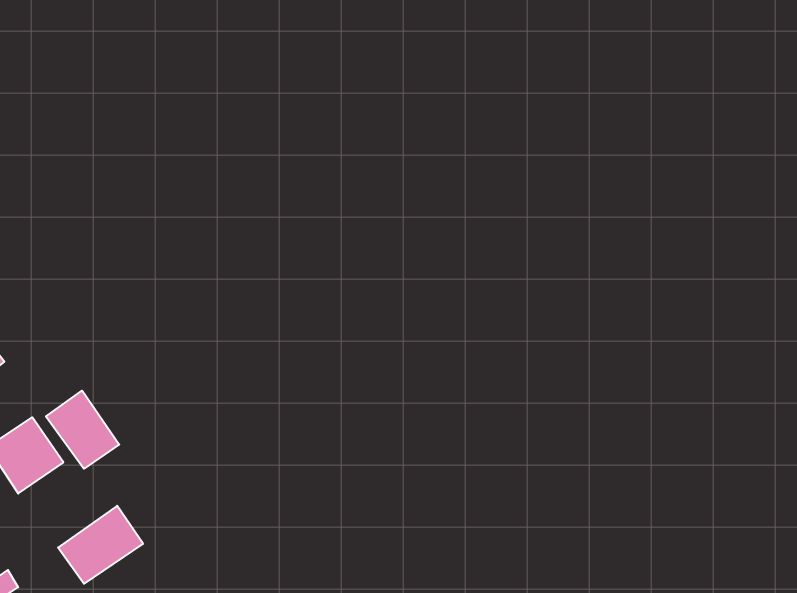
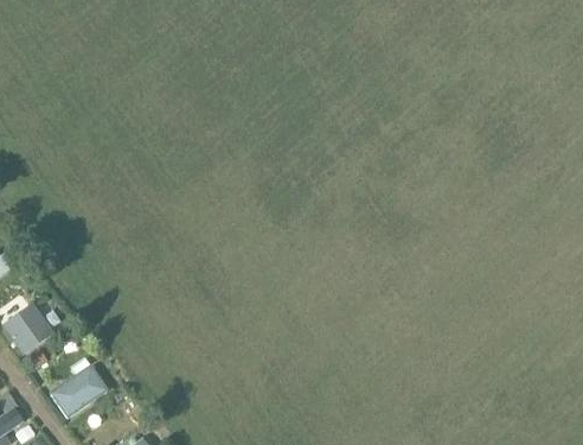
building: [46,391,119,469] -> none

